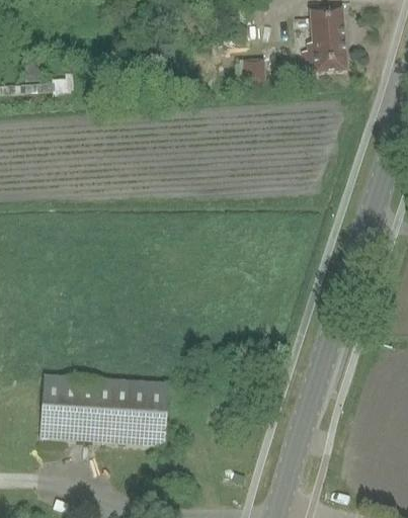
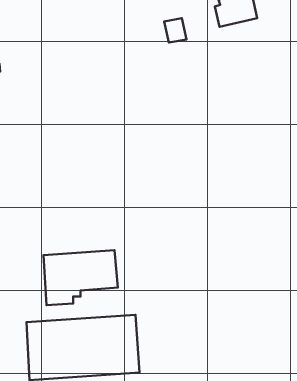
building: none -> [44,250,118,305]

